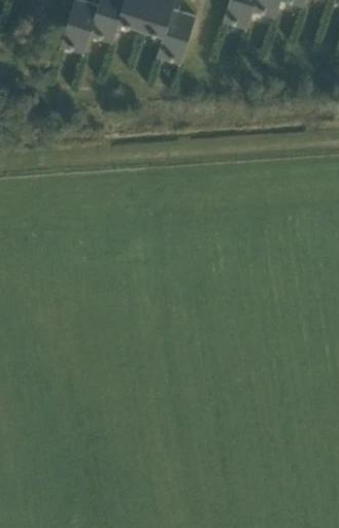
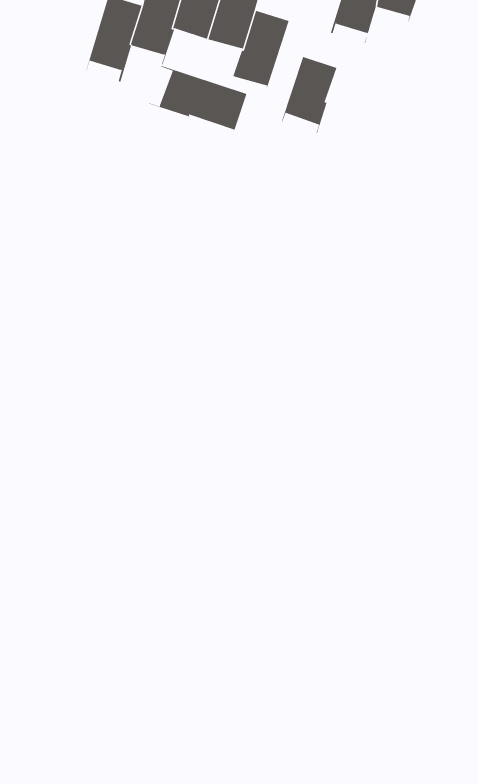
building: none -> [281,56,337,134]
building: none -> [148,65,247,131]

